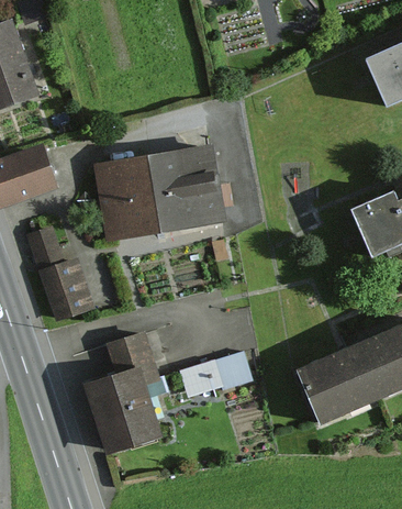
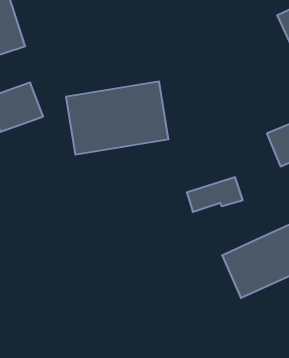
building: [25,223,98,321] -> none
building: [83,331,163,456] -> none
building: [180,351,253,396] -> [187,177,243,212]

